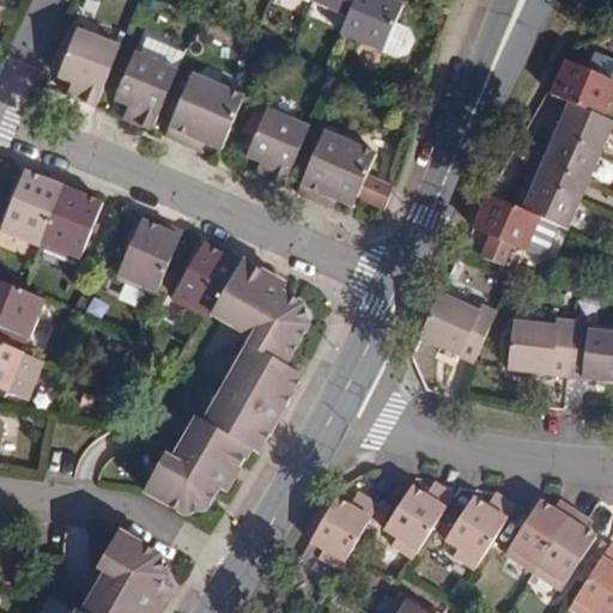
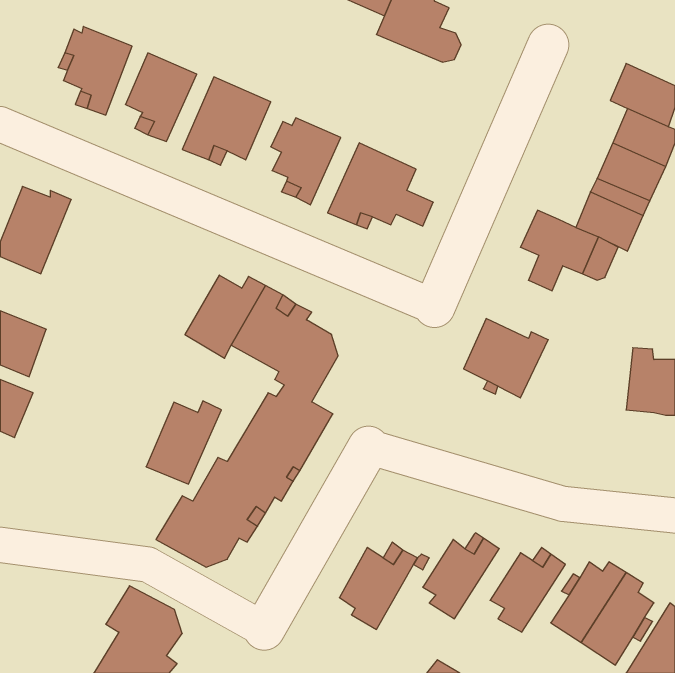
building: [37,181,101,265] -> none
building: [114,223,182,298] -> [146,401,221,484]
building: [511,312,573,371] -> none

